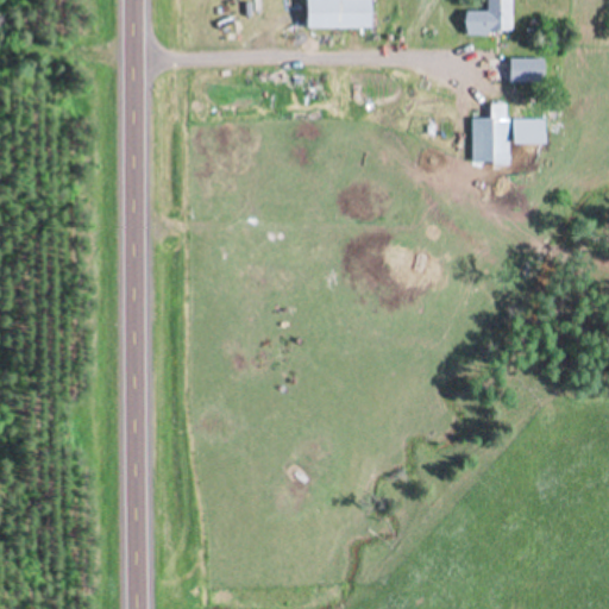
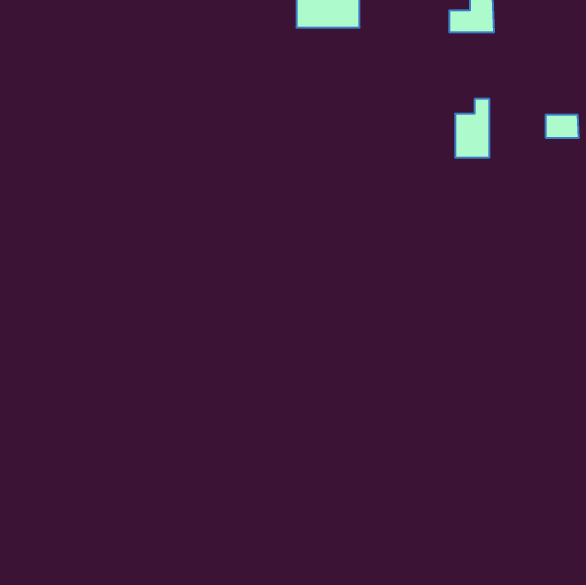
building: [510,58,546,82] -> none
building: [513,118,547,142] -> [546,115,579,138]

